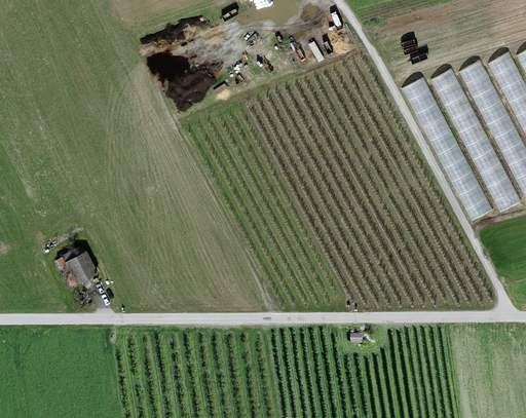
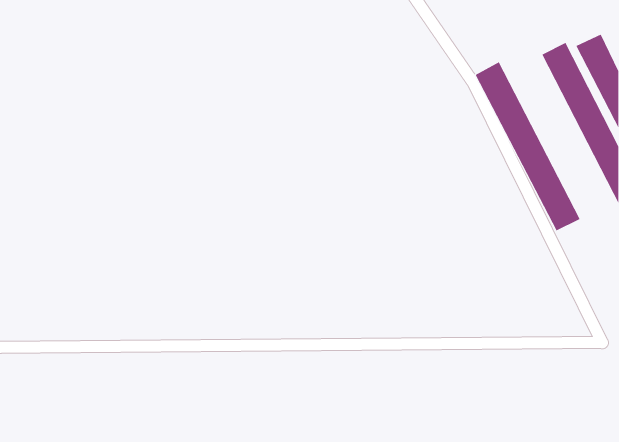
building: [430,68,520,212] -> none
building: [65,249,97,282] -> none

